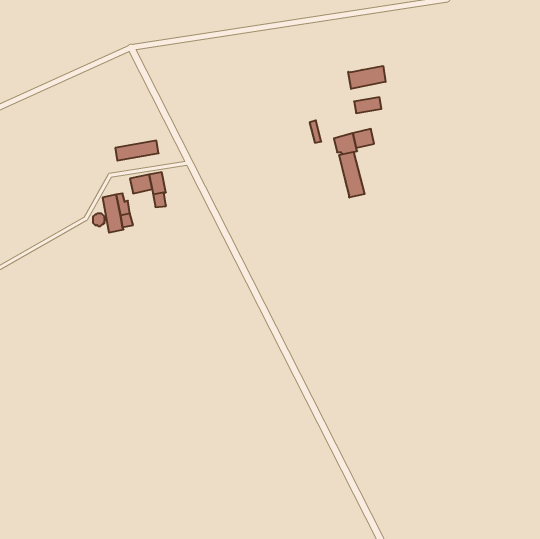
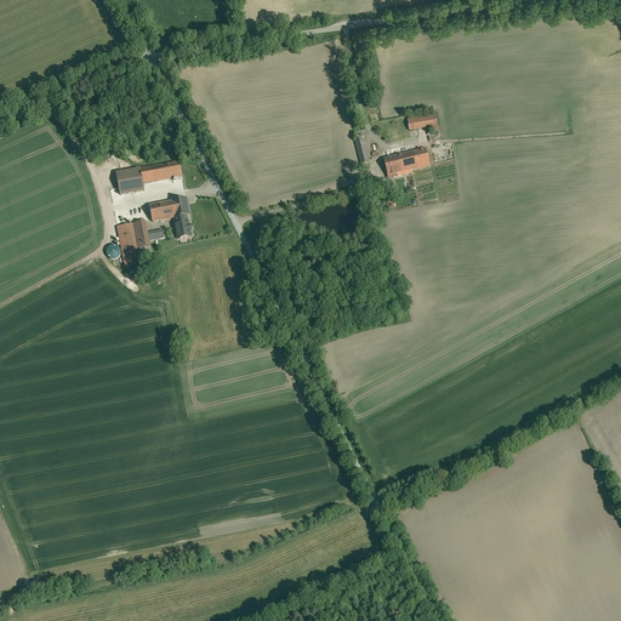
building: [348,66,386,89] -> none
building: [339,152,365,198] -> none

